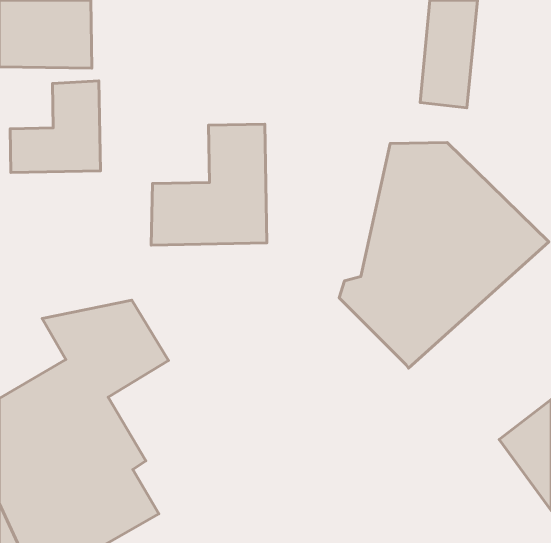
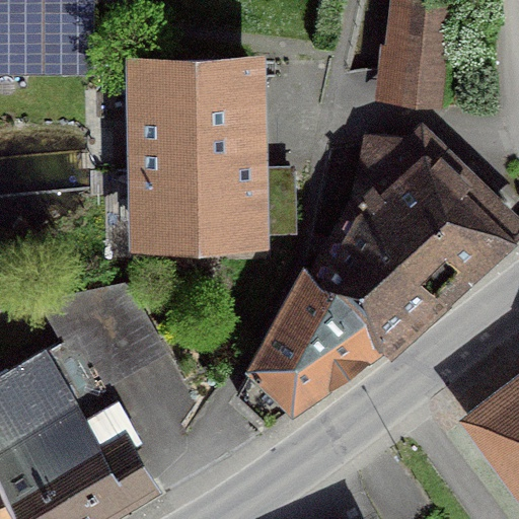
building: none -> [141,67,248,180]
building: [10,81,100,172] -> none
building: none -> [235,275,381,428]

